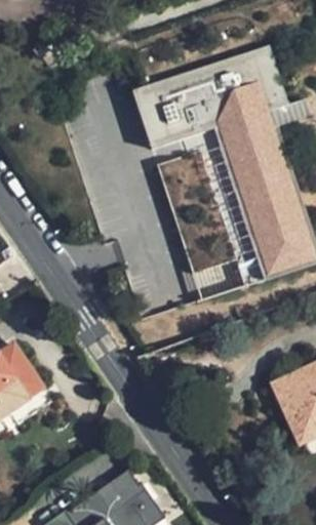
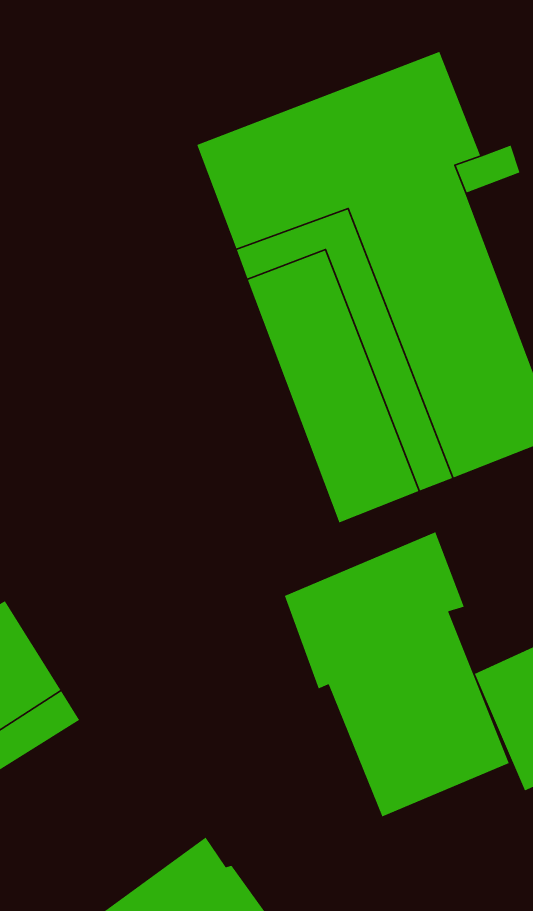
building: none -> [284,531,510,817]

